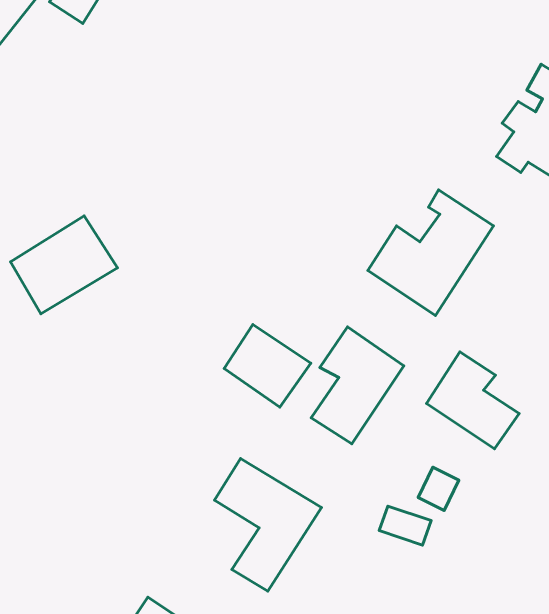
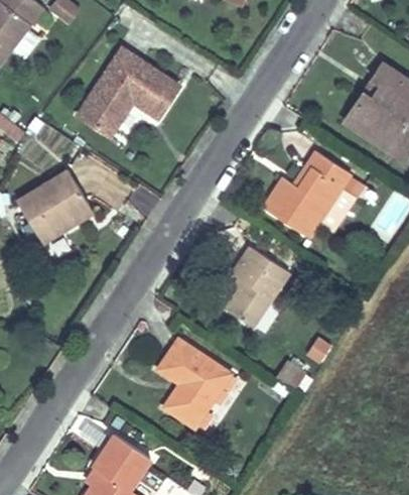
building: none -> [75,50,173,137]
building: [224,325,311,407] -> none
building: [427,352,519,449] -> none

